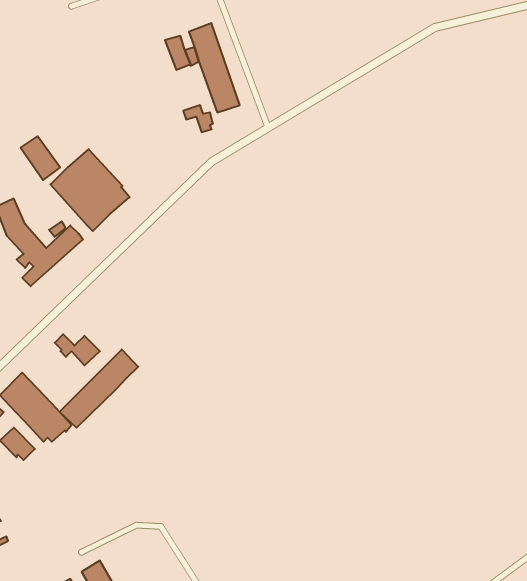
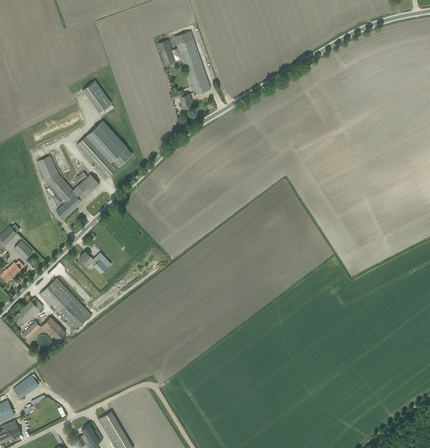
building: [21,136,60,180] -> [82,81,110,112]
building: [60,349,138,428] -> none

